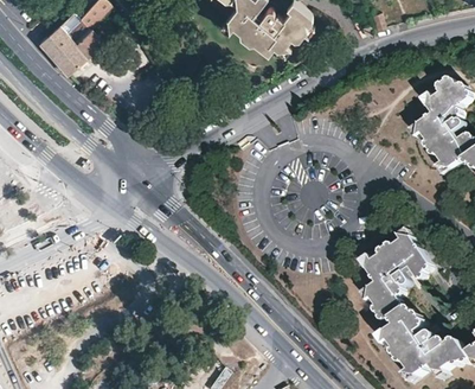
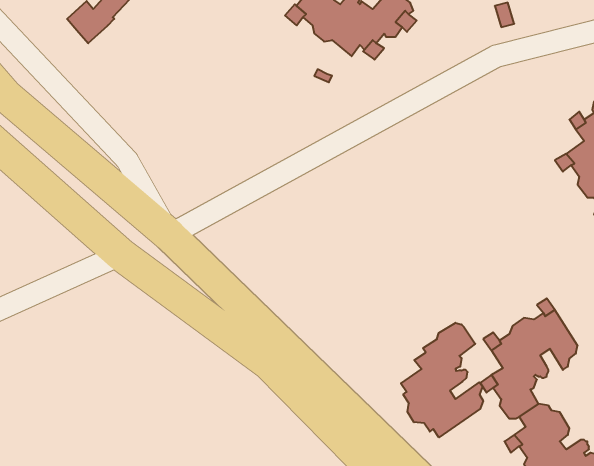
building: [36,24,100,74] -> none
building: none -> [401,323,483,437]

